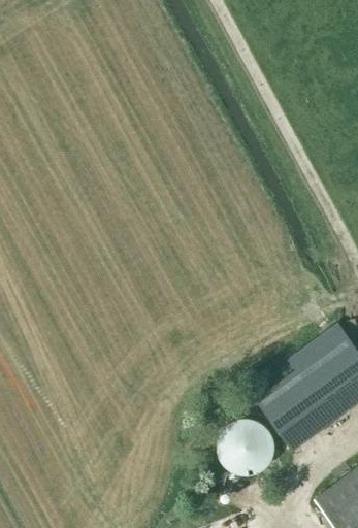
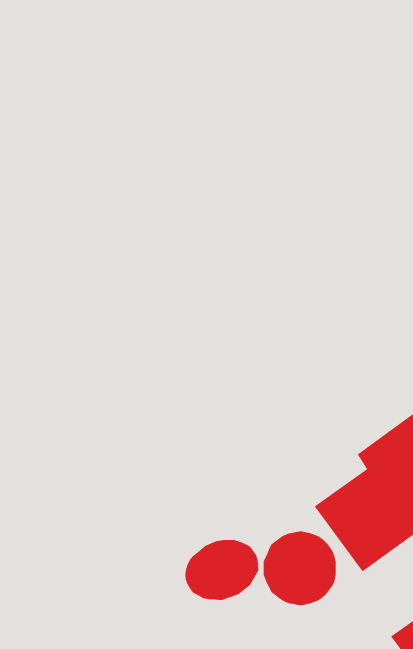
building: none -> [185,539,259,601]

